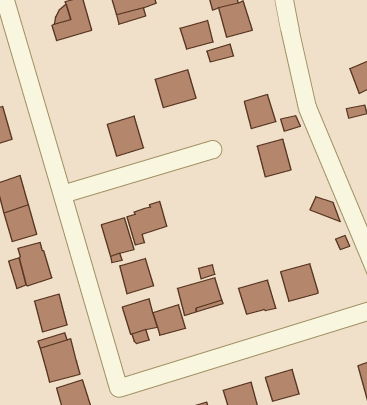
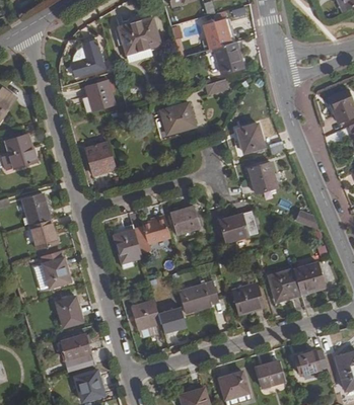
building: [180,20,213,49] -> none
building: none -> [84,79,115,110]
building: [107,116,144,156] -> [84,141,116,175]
building: none -> [170,206,200,233]
building: none -> [218,211,256,241]
building: none -> [293,261,324,293]
building: [120,258,153,294] -> none
building: none -> [293,348,327,374]

